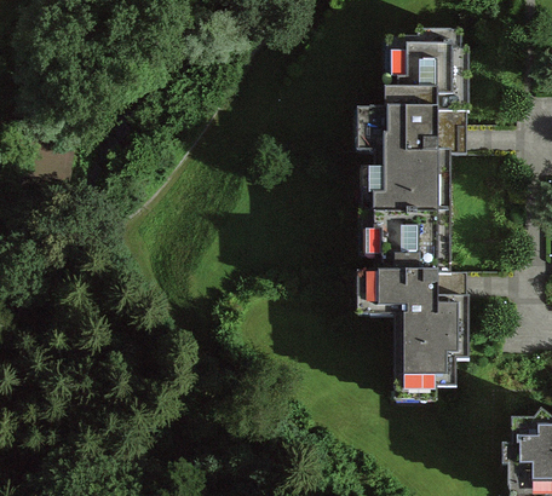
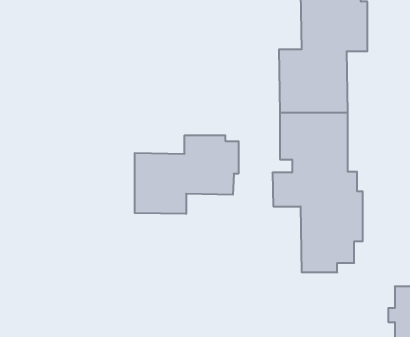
building: none -> [135,135,238,214]

